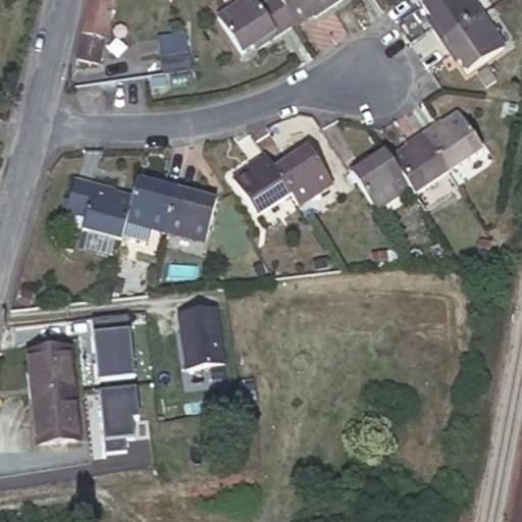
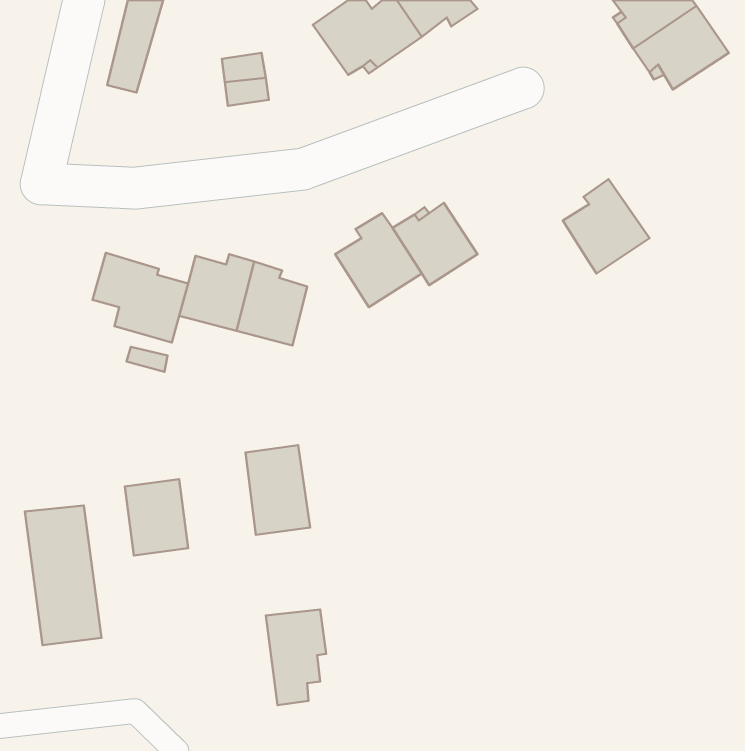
building: [426,108,486,165] -> none
building: [351,145,412,203] -> none
building: [99,393,141,459] -> [266,610,326,705]

